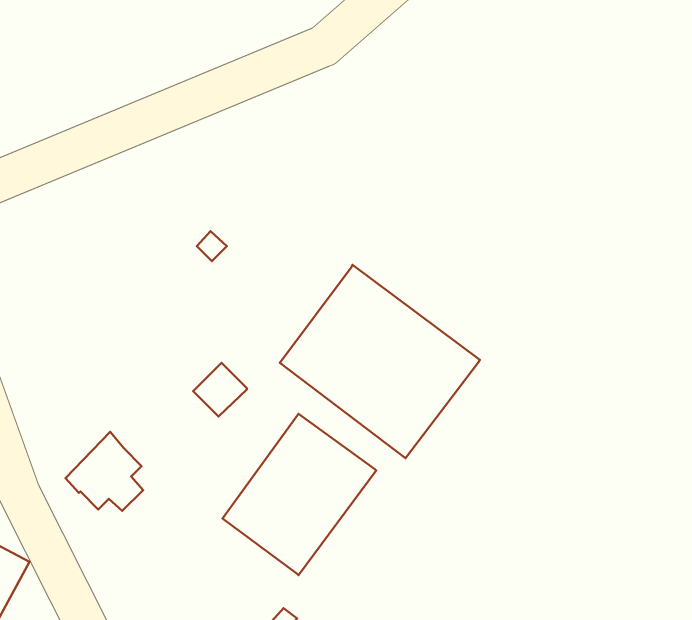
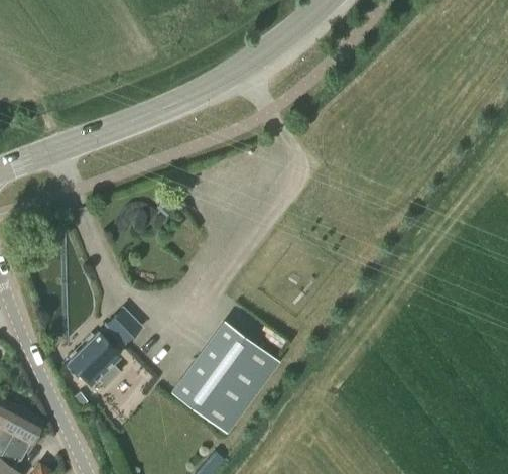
building: [280,265,480,458] -> none
building: [193,363,247,417] -> [104,310,140,346]

